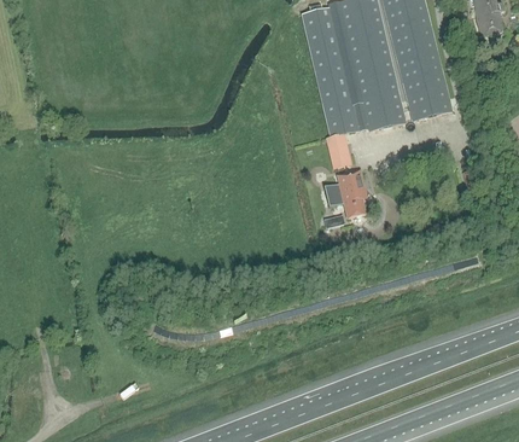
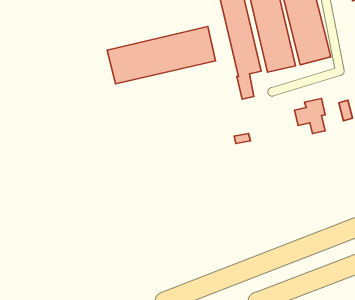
building: none -> [107,26,216,84]
building: [322,170,363,217] -> [295,98,325,134]

